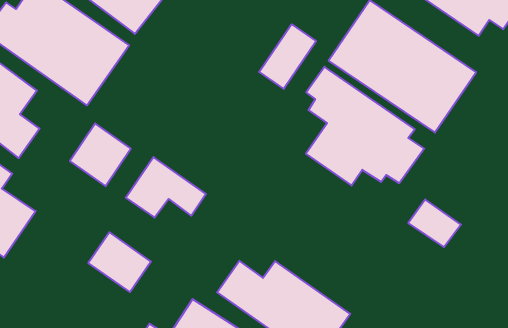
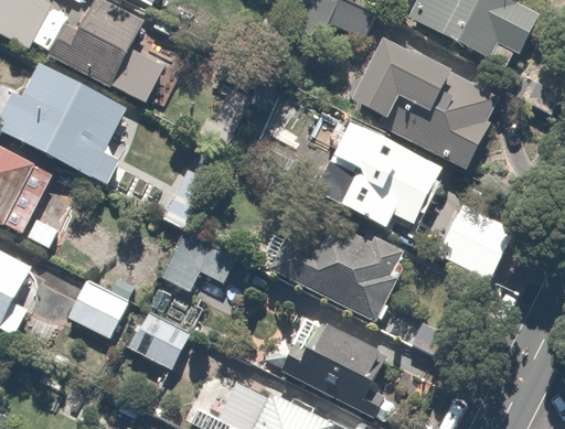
building: [259,24,316,89] -> none
building: [70,123,131,186] -> [64,276,125,339]
building: none -> [264,215,411,323]

